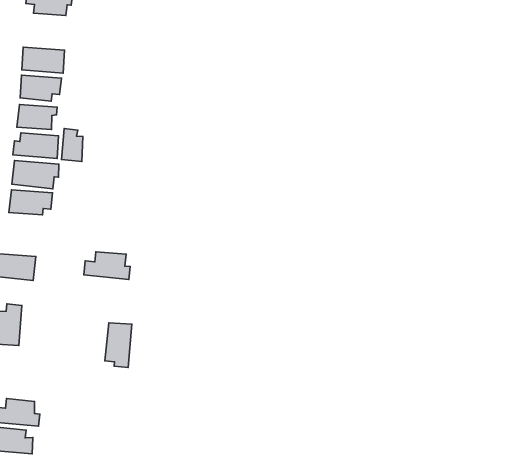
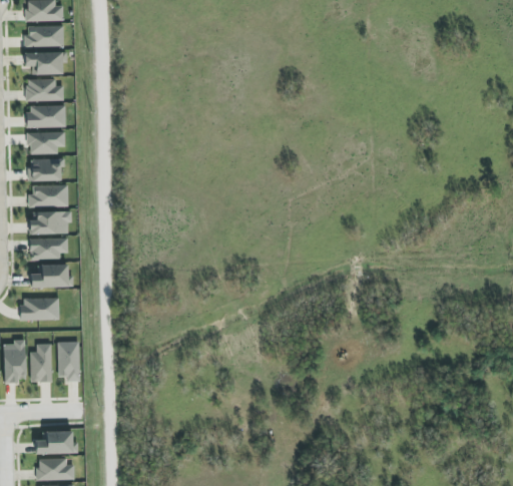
building: none -> [26,78,63,100]
building: [62,129,83,162] -> none
building: [84,252,130,280] -> [30,264,72,287]
building: [105,323,132,368] -> [57,341,79,381]

